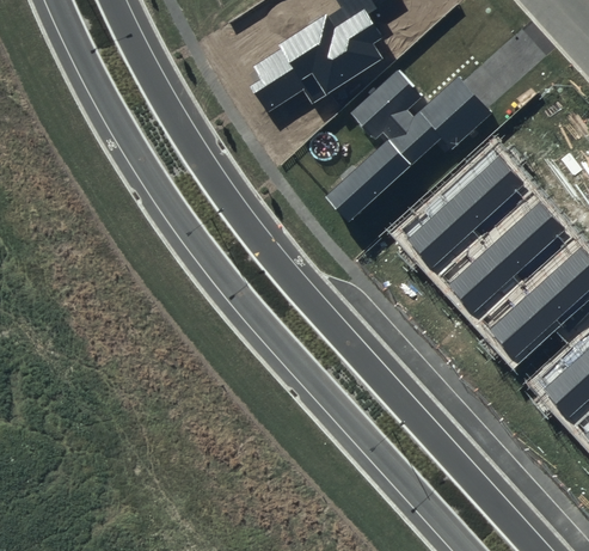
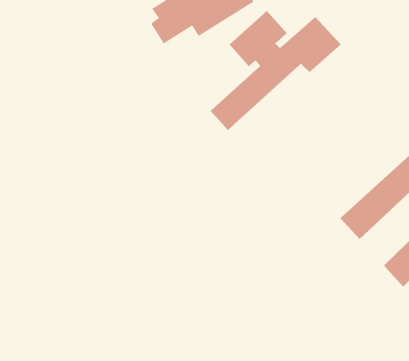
building: [407,155,524,267] -> none
building: [448,201,565,312] -> none

